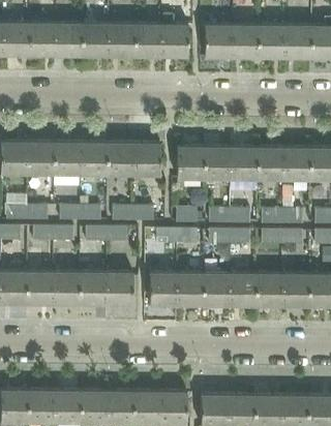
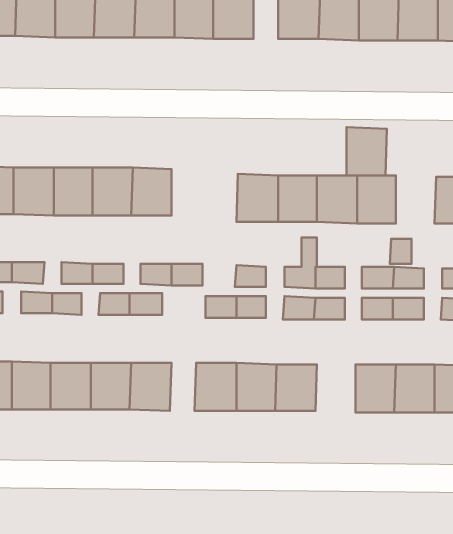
building: [133,143,160,175] -> none
building: [283,147,310,179] -> [347,127,387,175]
building: [230,273,257,305] -> none

